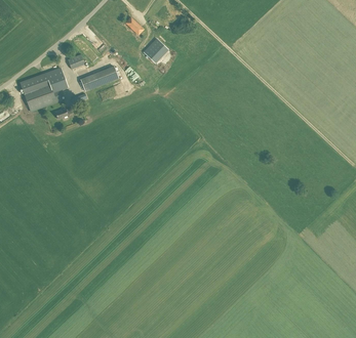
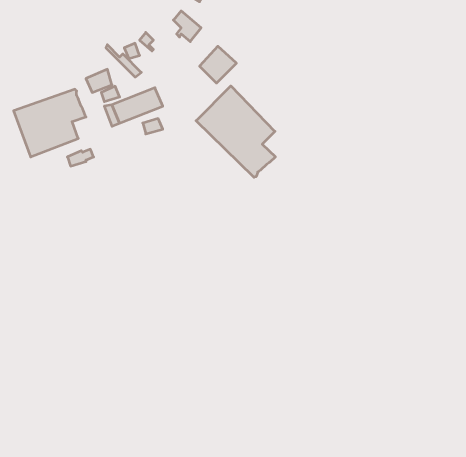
building: none -> [196,86,275,177]

